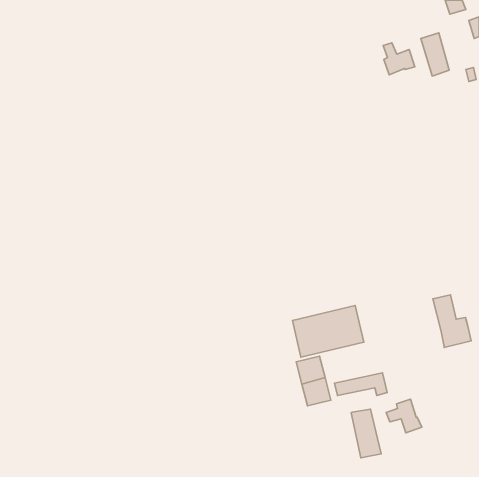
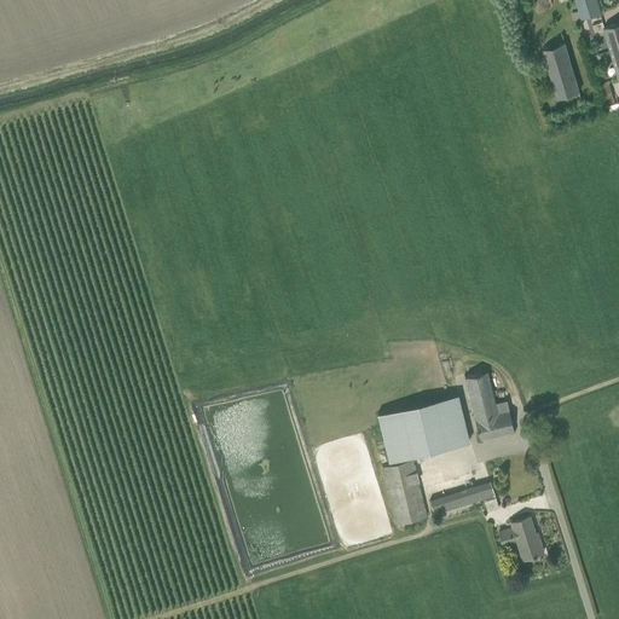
building: [383,43,415,75] -> none
building: [433,295,471,347] -> [464,374,514,441]
building: [351,409,381,458] -> none

